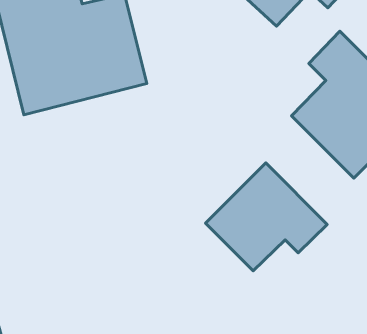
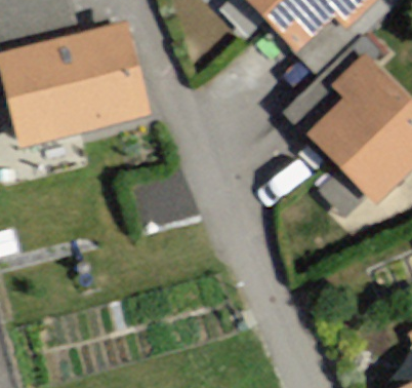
building: [206,163,327,271] -> none

